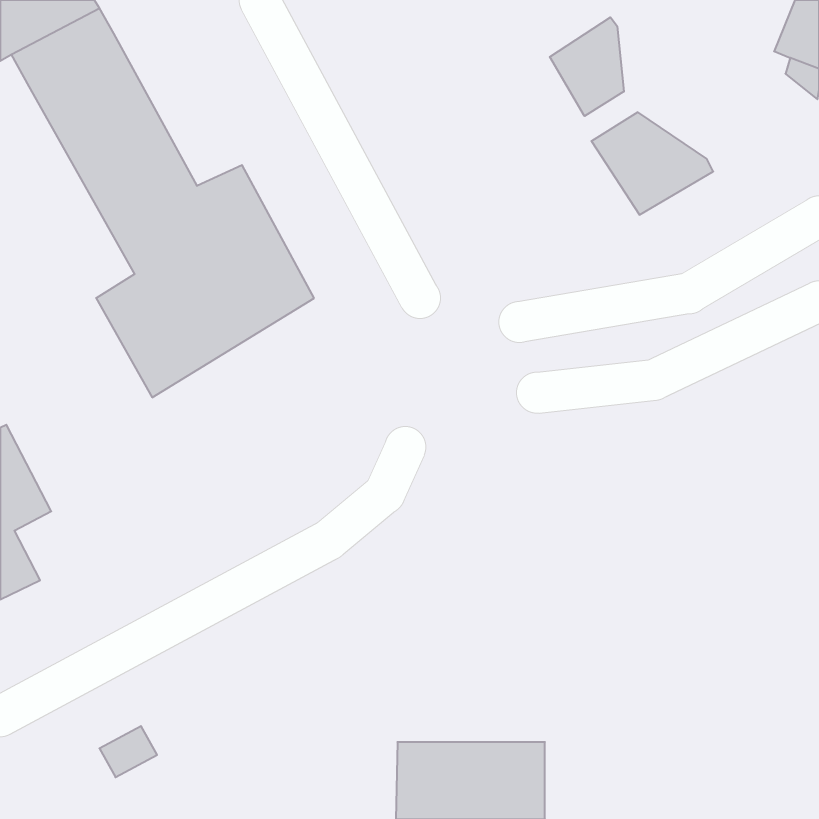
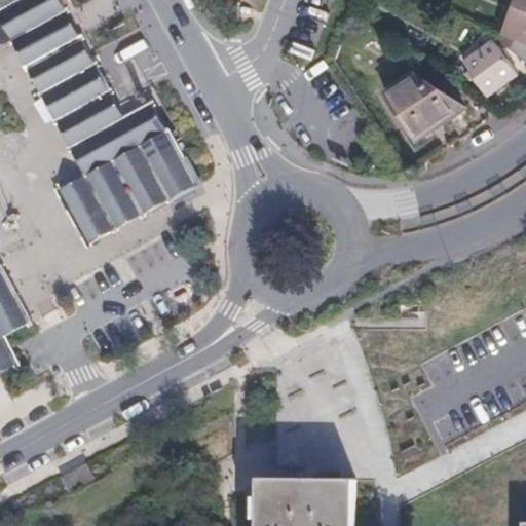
building: [550,17,624,116] -> none
building: none -> [458,42,510,93]

